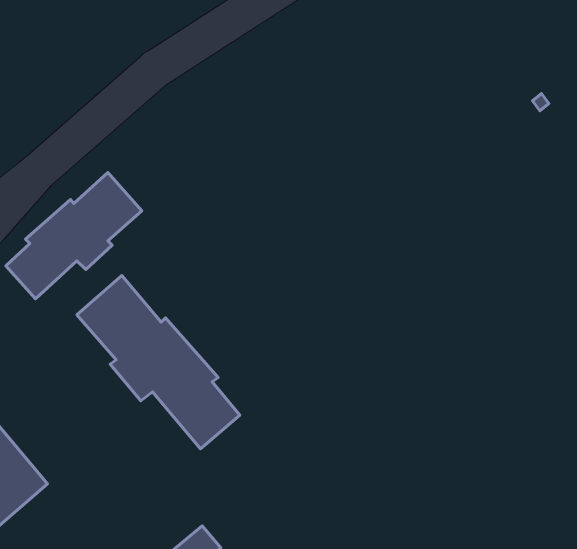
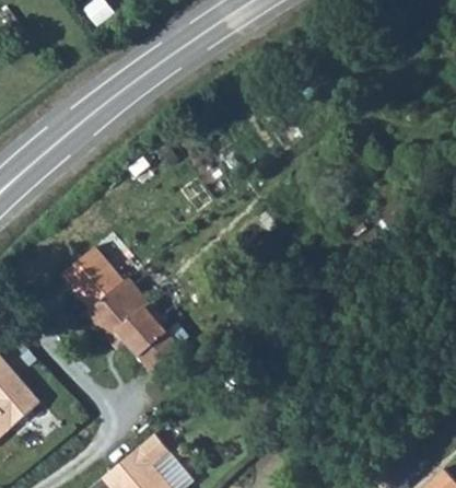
building: [6,172,142,299] -> none

